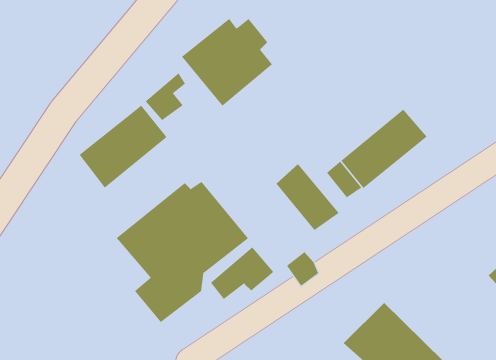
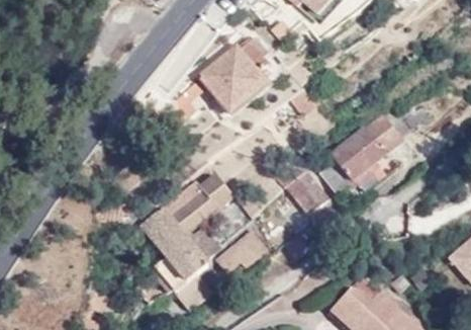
building: [79,105,167,188] -> none

